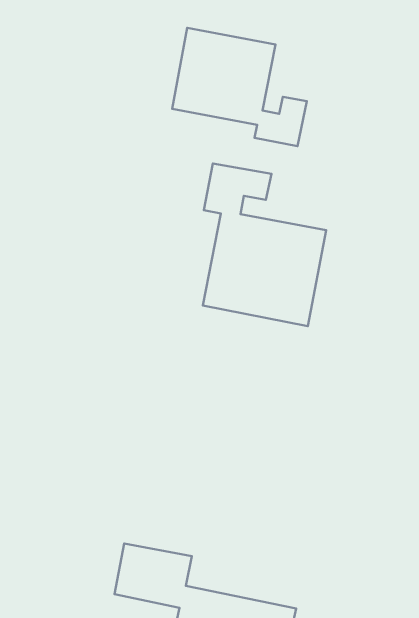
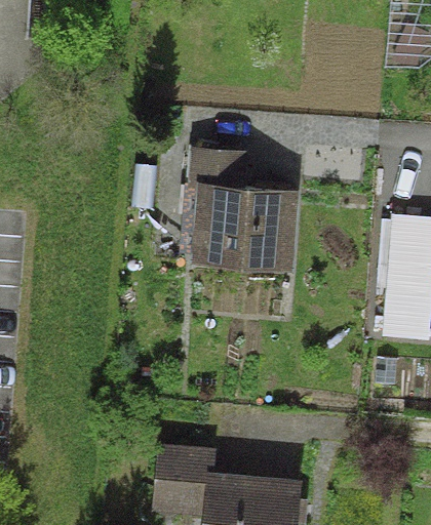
building: [172,28,307,146] -> none

